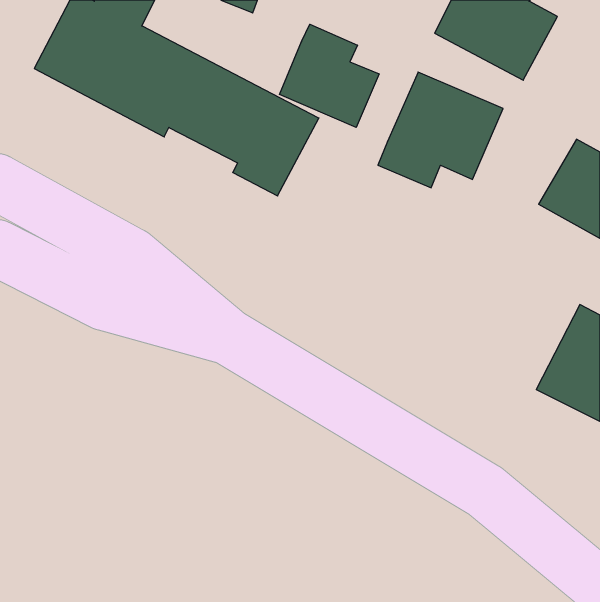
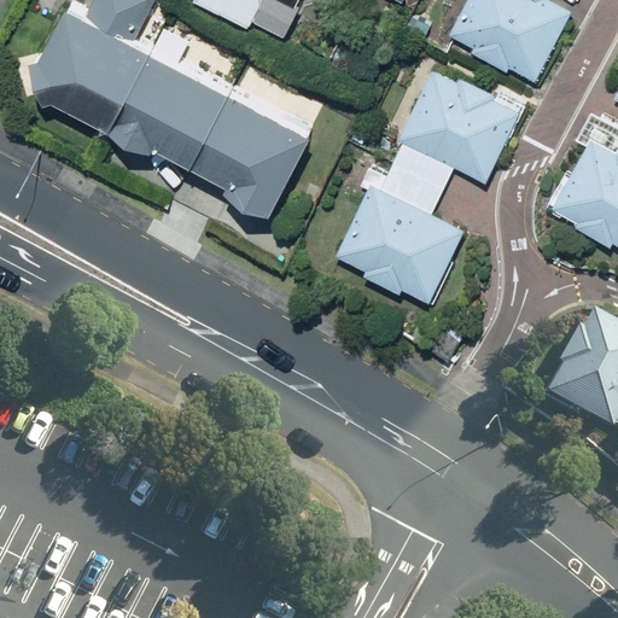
building: [279,24,379,127] -> none
building: none -> [334,170,462,305]

